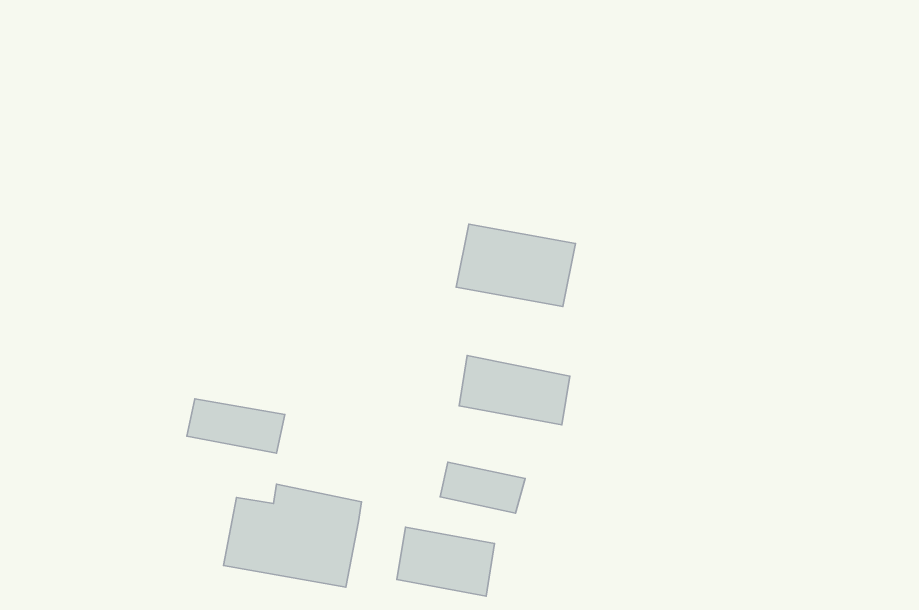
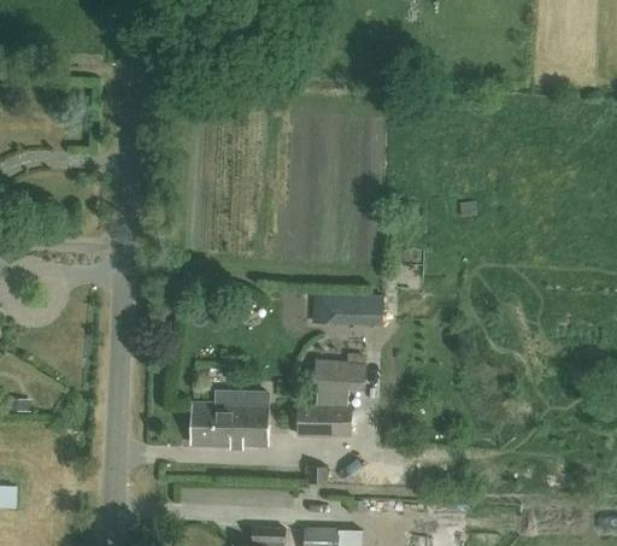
building: [456,224,576,307] -> none
building: [187,399,285,453] -> none

